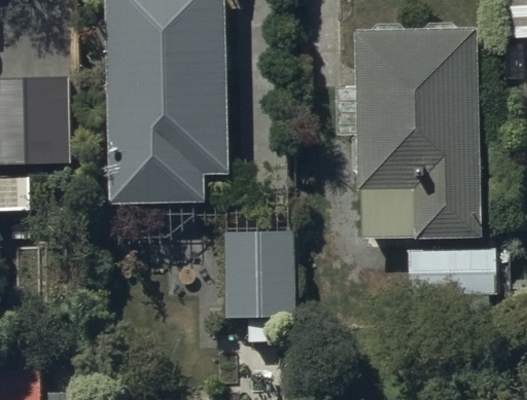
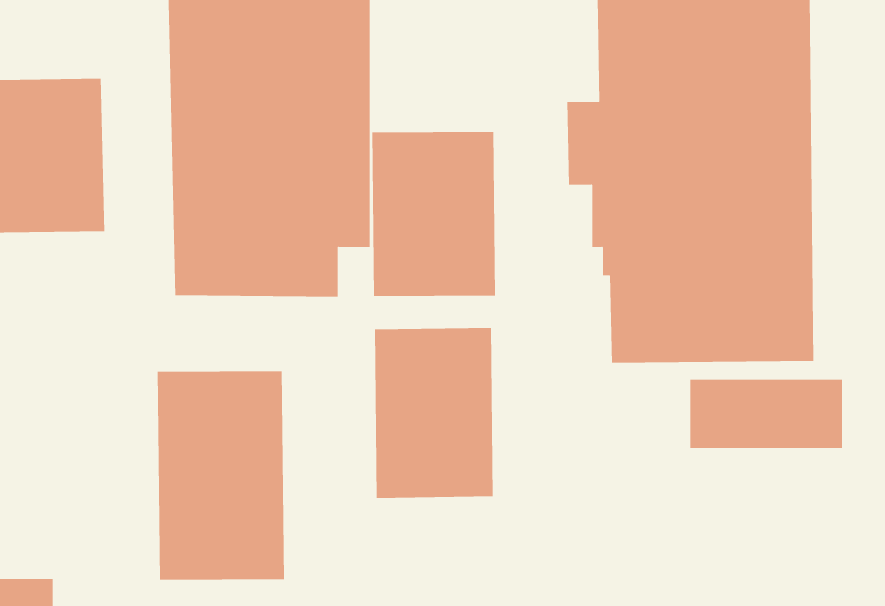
building: none -> [372,131,495,297]
building: none -> [157,371,284,580]

